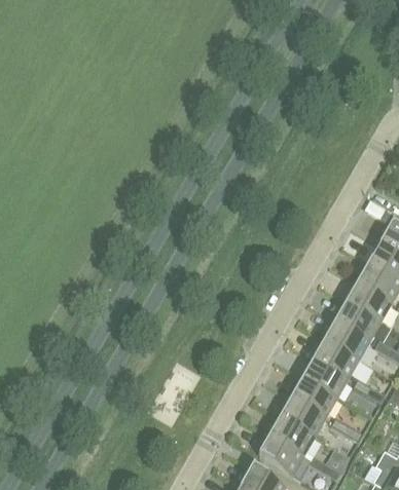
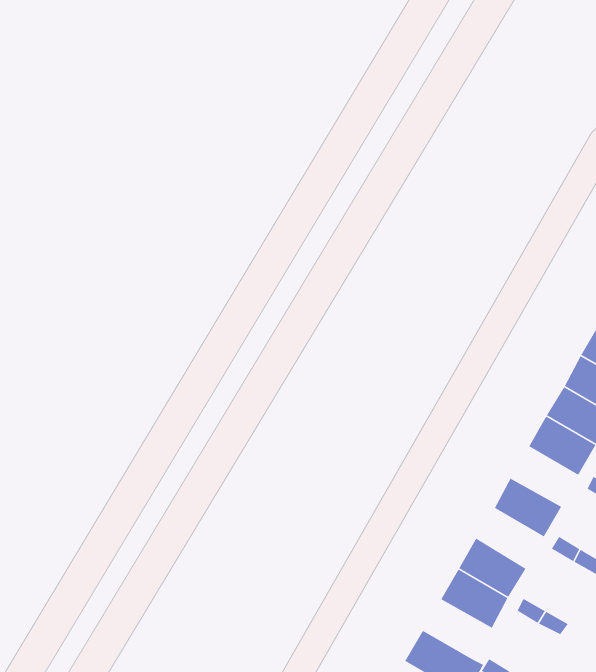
building: [326,319,369,357] -> none
building: [304,359,348,397] -> none
building: [267,416,315,454] -> none

